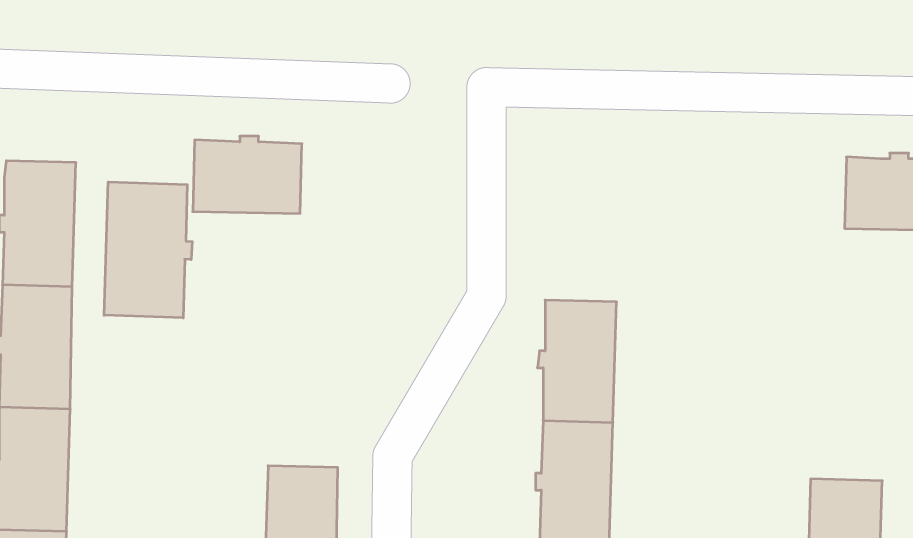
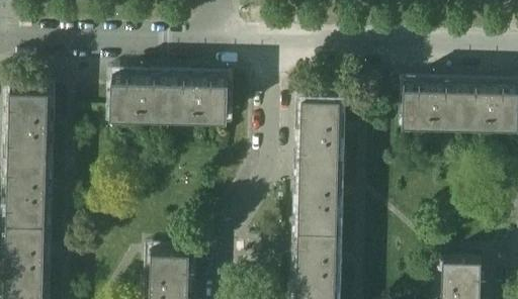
building: none -> [169,77,228,118]
building: none -> [404,82,462,124]
building: none -> [298,96,340,164]
building: [104,182,192,318] -> none

